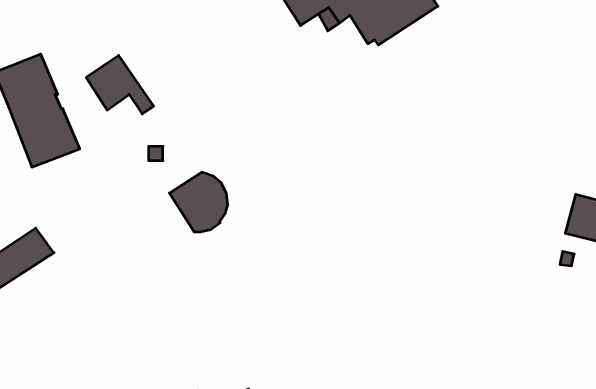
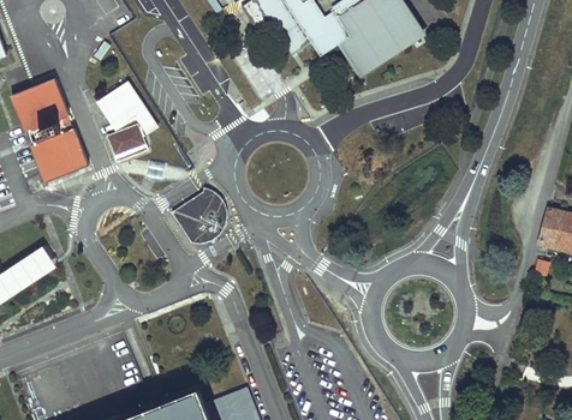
building: none -> [109,125,143,152]

